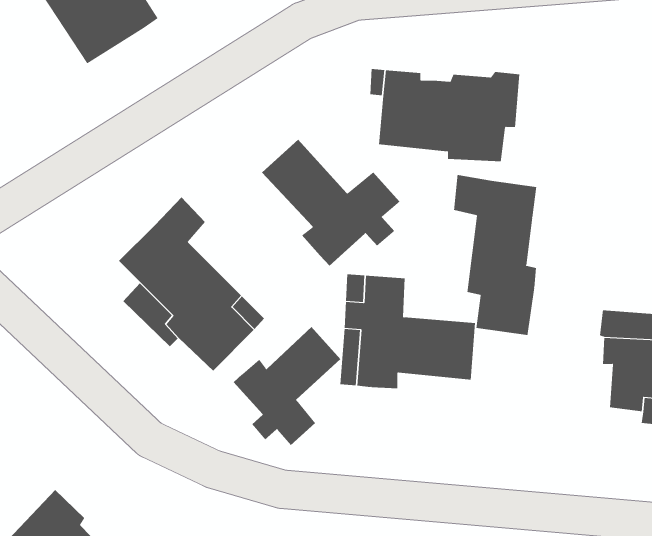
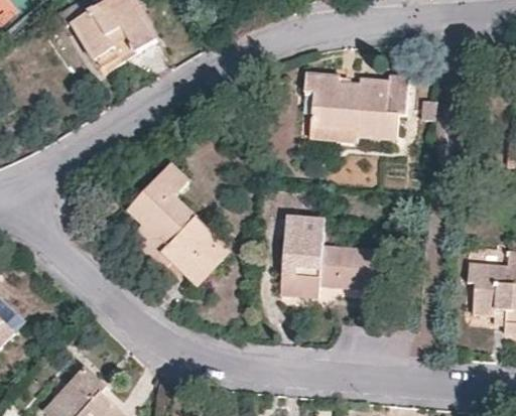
building: [261,139,400,266] -> none
building: [453,174,537,336] -> none
building: [233,326,341,446] -> none

